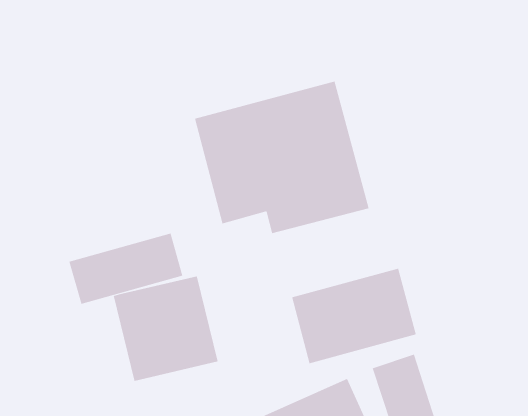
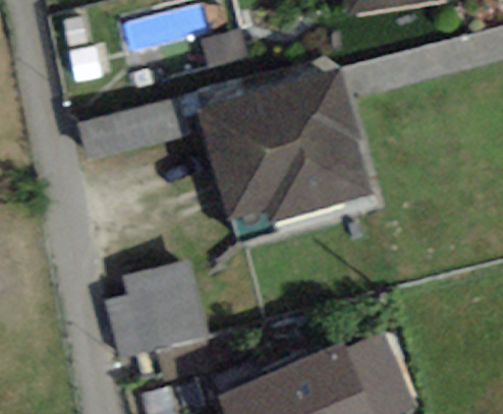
building: [69,233,183,305] -> [82,97,188,163]
building: [291,268,417,364] -> none

